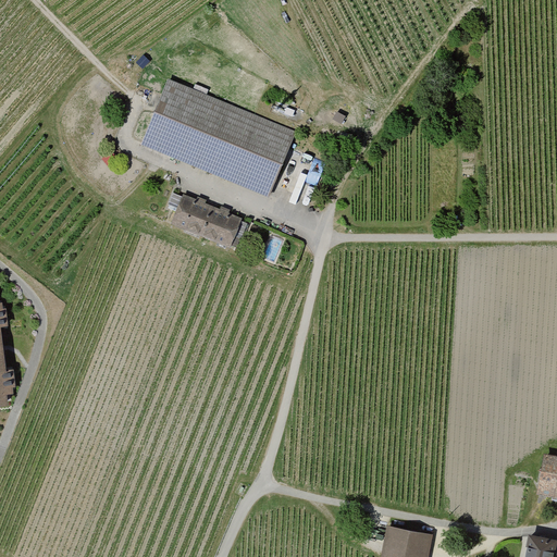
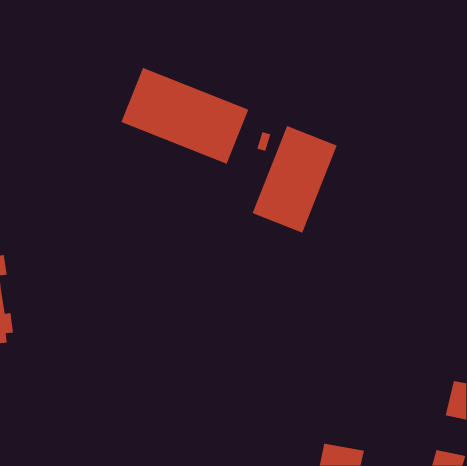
building: none -> [252,125,338,233]
building: [171,194,242,247] -> none

